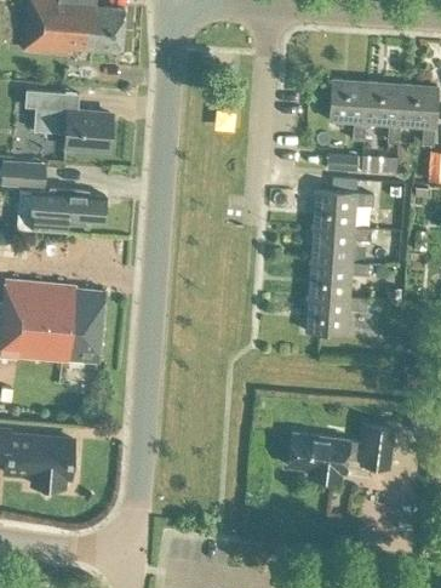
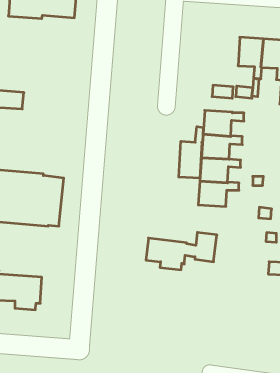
building: [331,80,368,142] -> none
building: [25,91,113,152] -> none
building: [18,189,107,233] -> none
building: none -> [179,127,203,178]
building: [290,426,395,481] -> [146,232,217,270]

